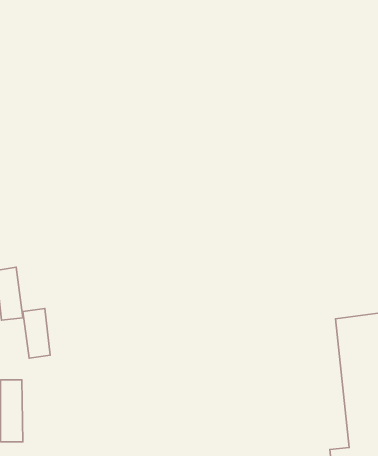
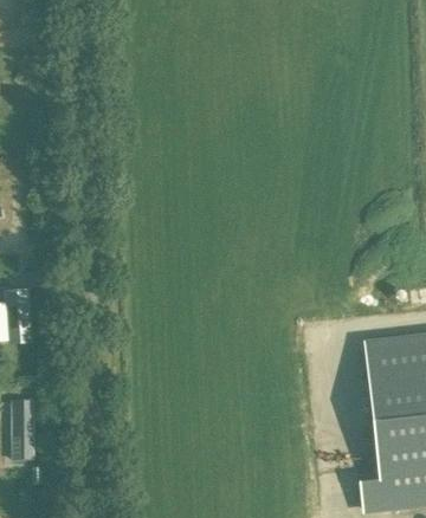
building: [23,309,50,358] -> none

